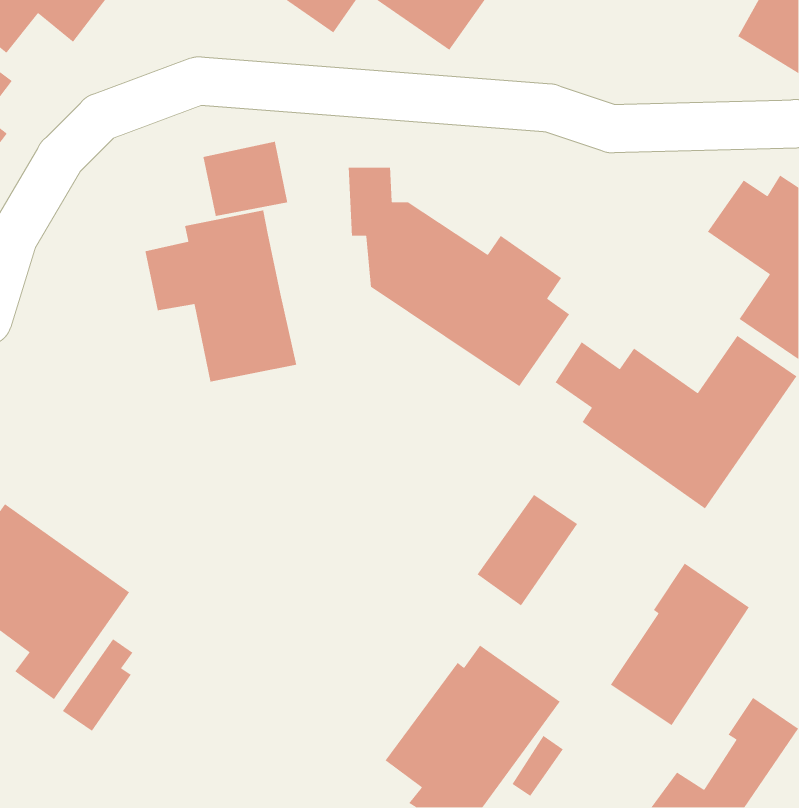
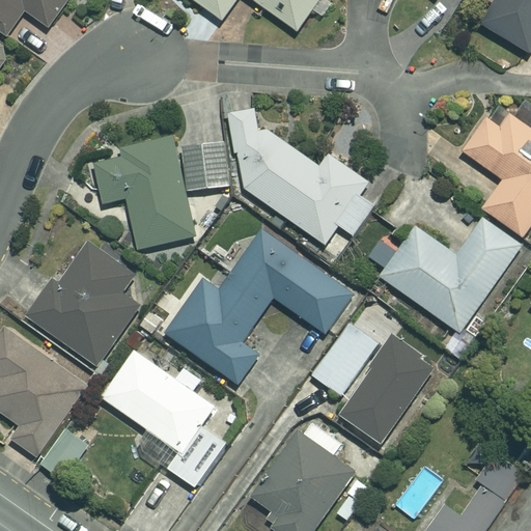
building: [202,141,288,217] -> [175,142,231,192]
building: none -> [164,229,353,385]
building: none -> [25,243,151,366]
building: none -> [102,351,225,487]
building: [610,563,750,726] -> [341,336,432,443]

